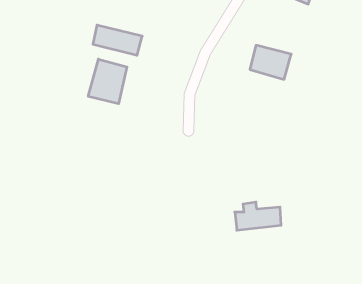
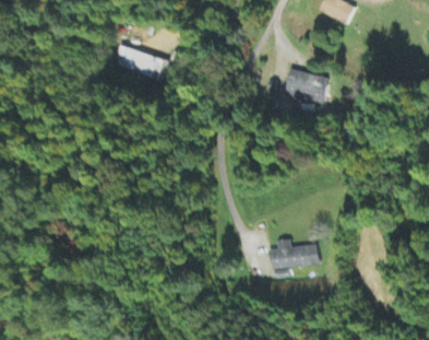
building: [88,59,127,104] -> none

